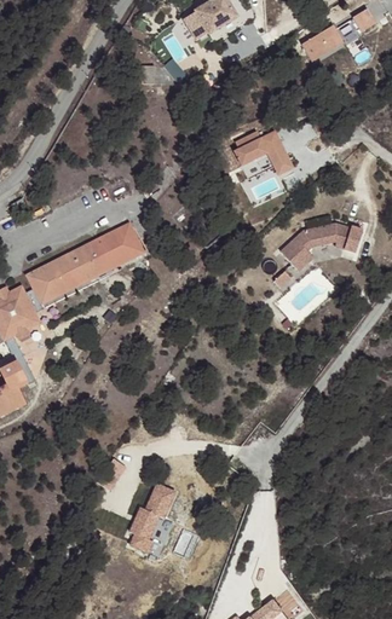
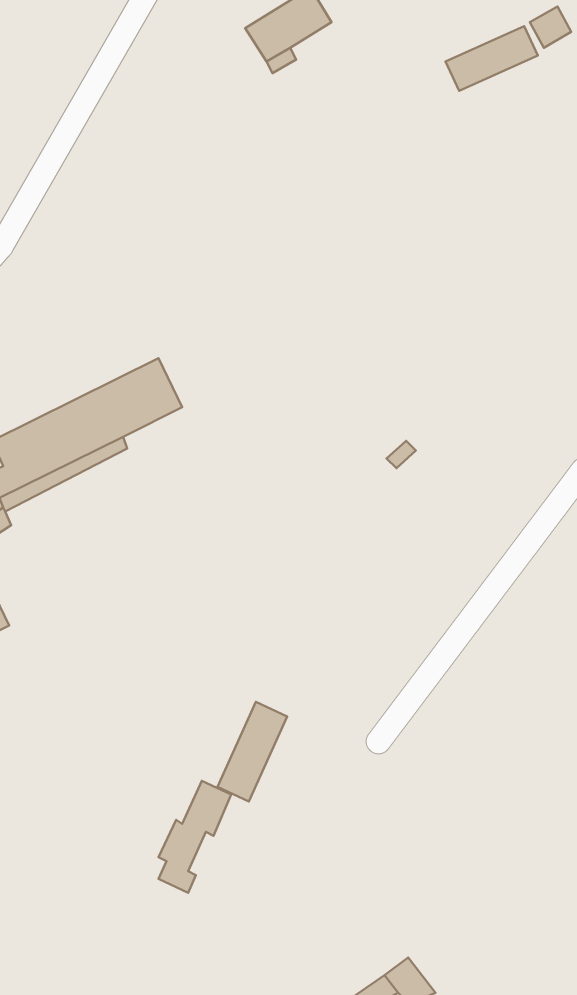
building: [230,129,286,173] -> none
building: [278,226,362,273] -> none
building: none -> [218,702,287,802]

